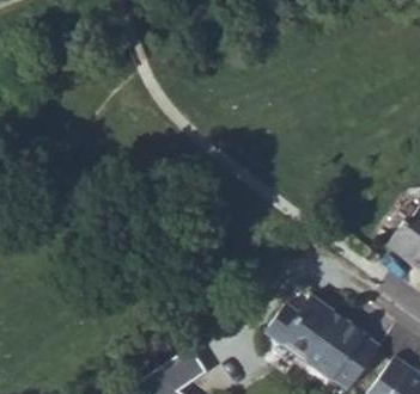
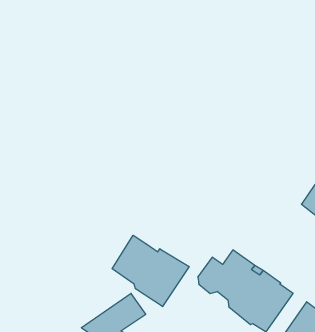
building: none -> [112,235,189,307]

